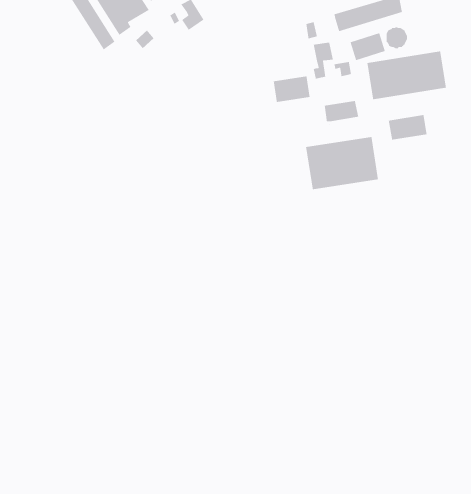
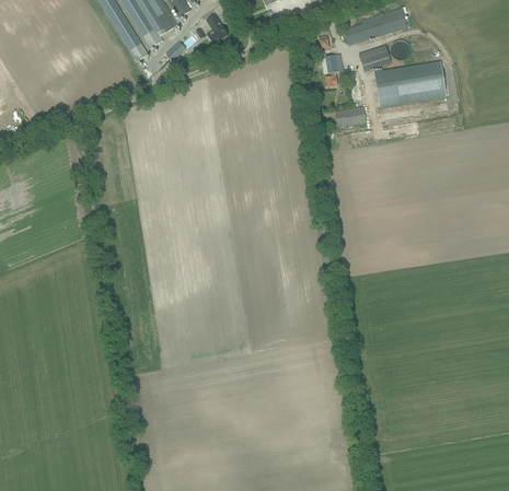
building: [273,76,311,103] -> none
building: [388,114,428,141] -> none
building: [305,136,379,190] -> none

